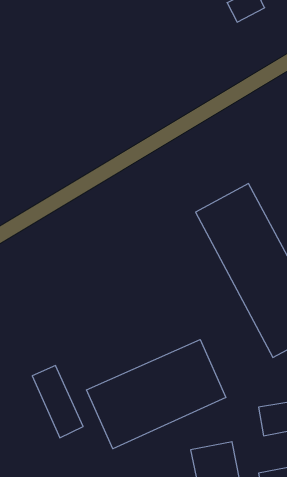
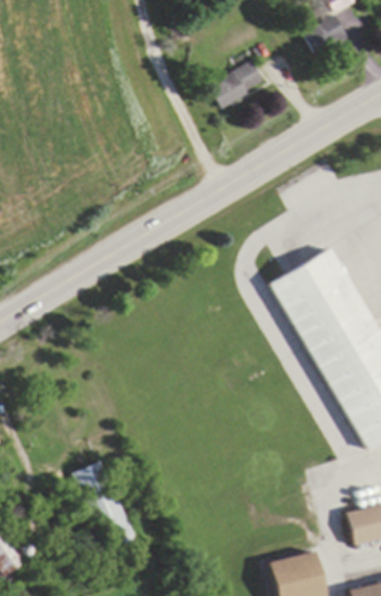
building: none -> [213,60,269,107]
building: [86,340,226,449] -> none

